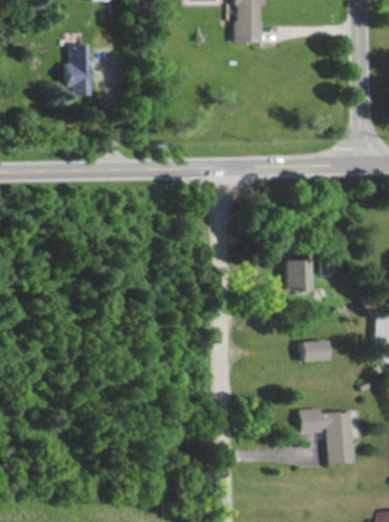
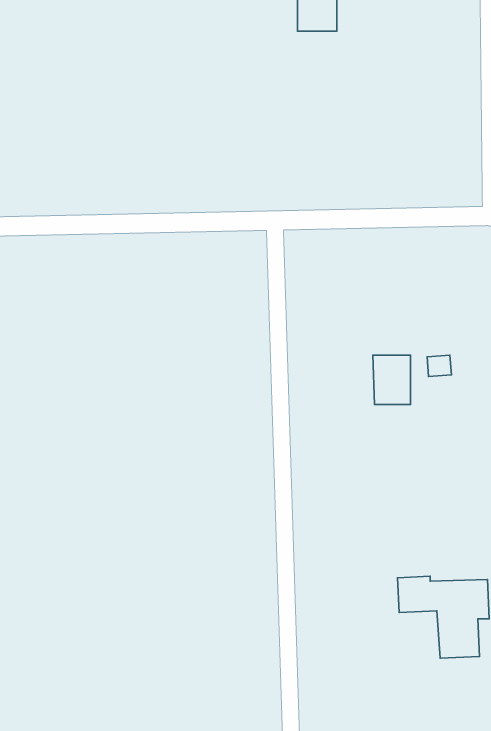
building: [64,44,89,96] -> none
building: [302,340,328,361] -> none

